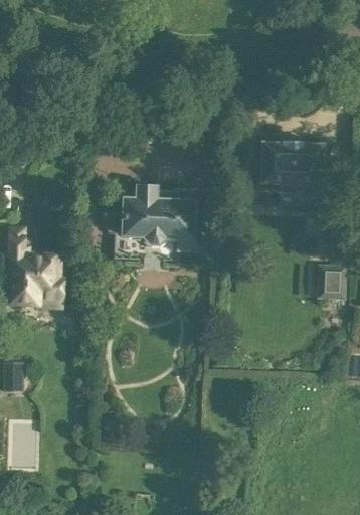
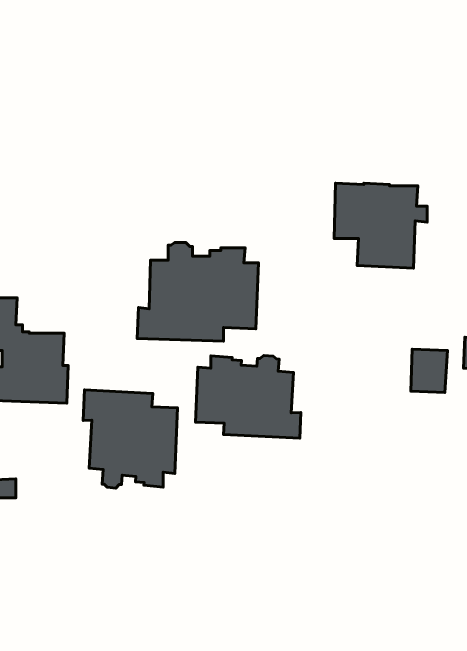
building: none -> [196,356,301,438]
building: none -> [83,390,177,488]

